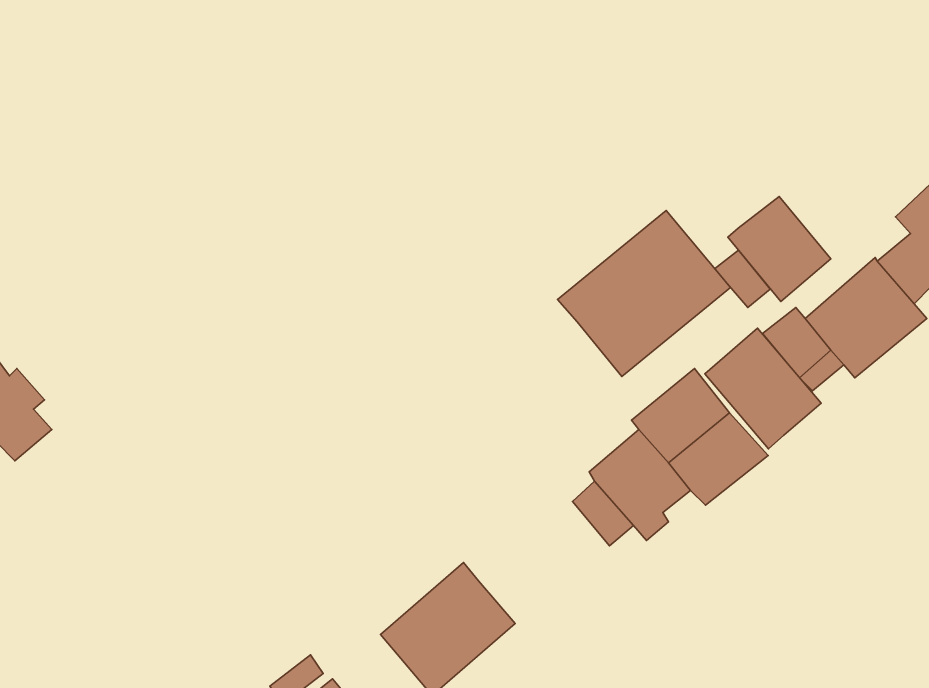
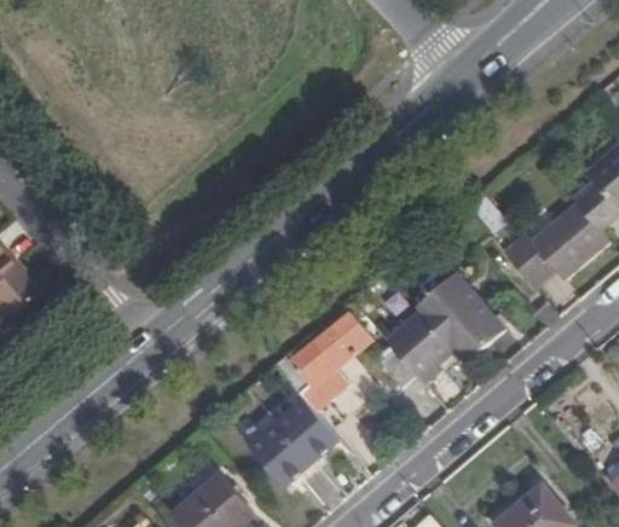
building: [728,197,831,301] -> none
building: [557,211,730,377] -> none
building: [705,328,821,449] -> none
building: none -> [277,312,371,411]

